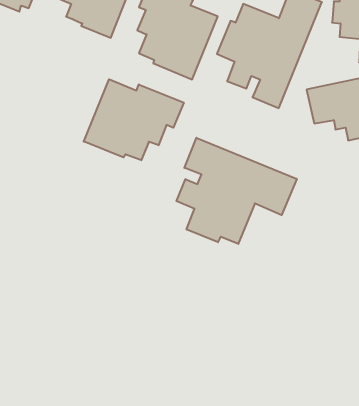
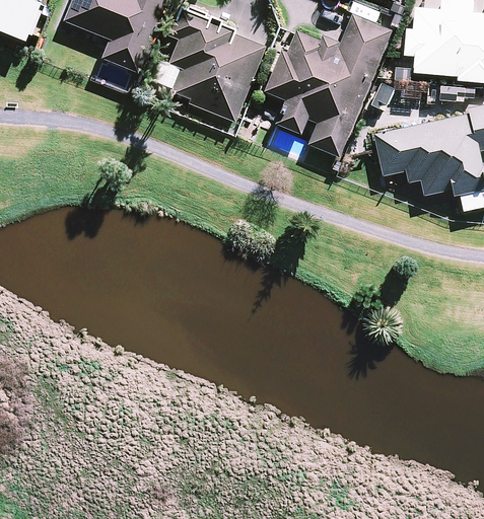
building: [84,79,184,160] -> none
building: [176,138,297,244] -> none

